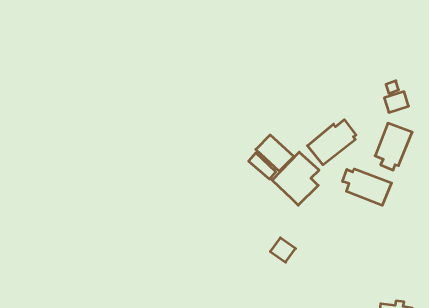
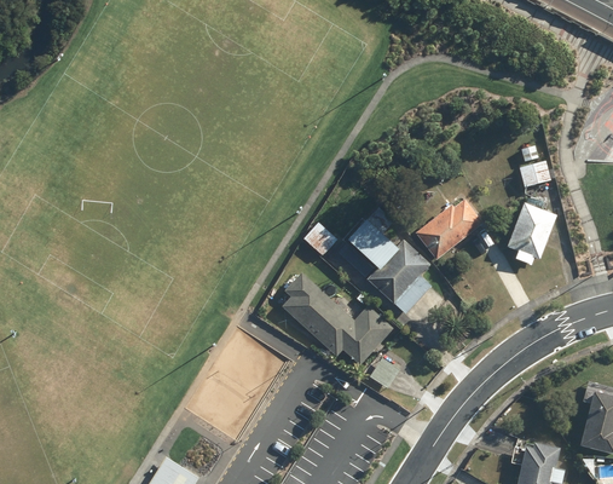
building: none -> [303,224,336,257]
building: [343,169,392,205] -> none
building: none -> [279,272,386,365]

